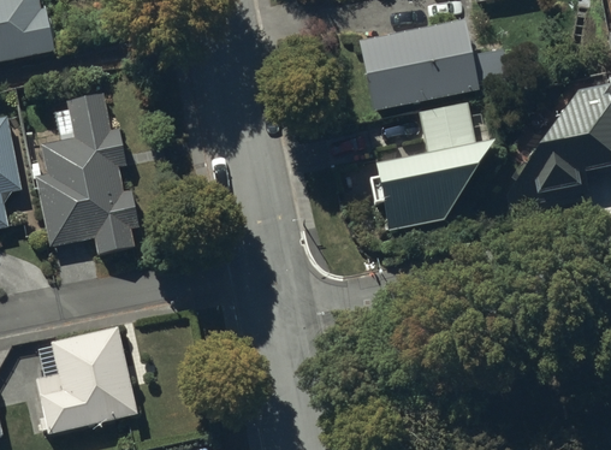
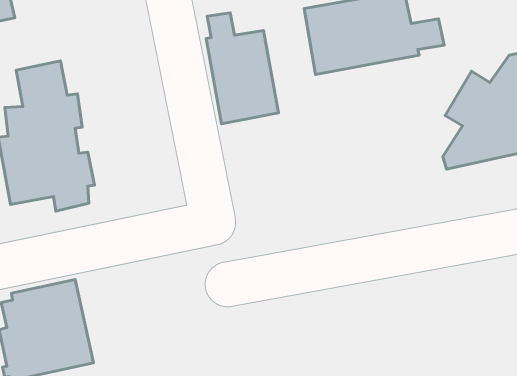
building: none -> [206,13,279,124]
building: [378,102,494,230] -> none

